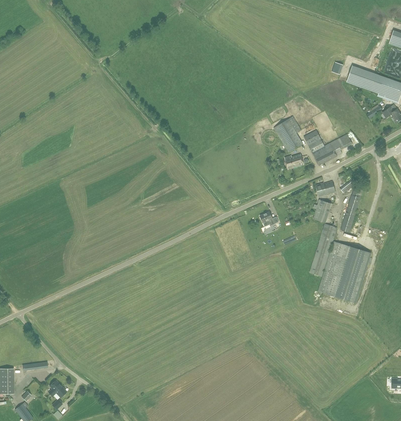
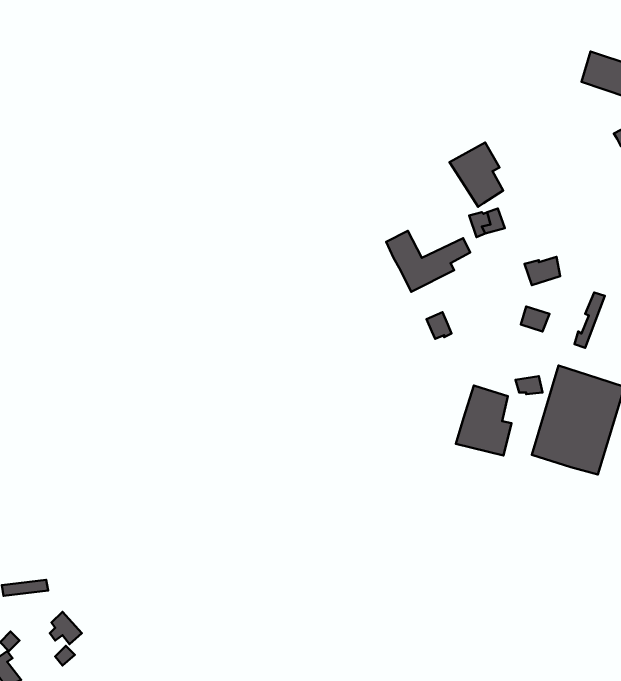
building: [304,130,351,164] -> [386,231,470,292]
building: none -> [456,385,512,455]

